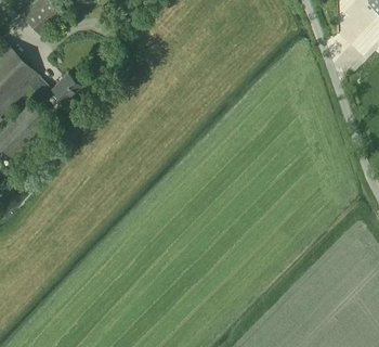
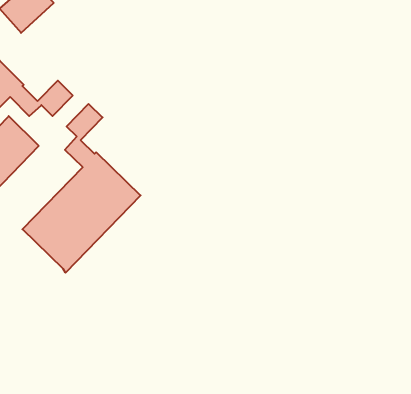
building: none -> [22,104,141,273]

